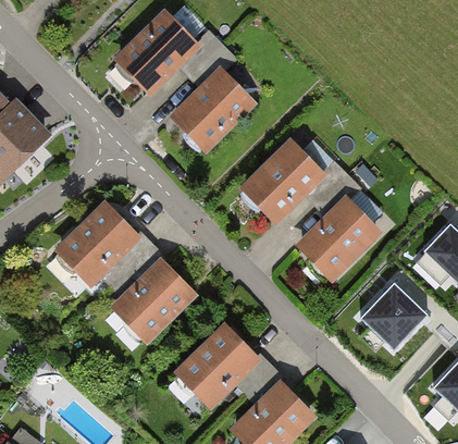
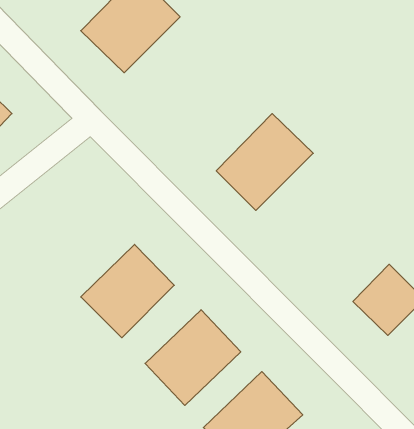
building: [166,66,257,157] -> none
building: [294,195,382,283] -> none
building: [51,199,139,287] -> none

